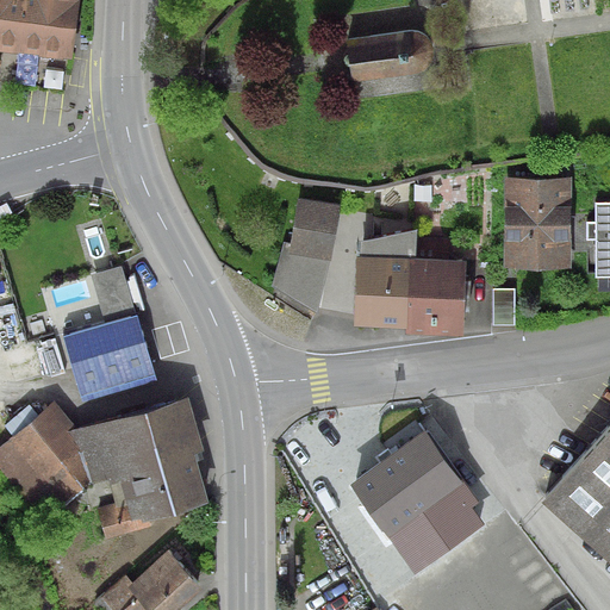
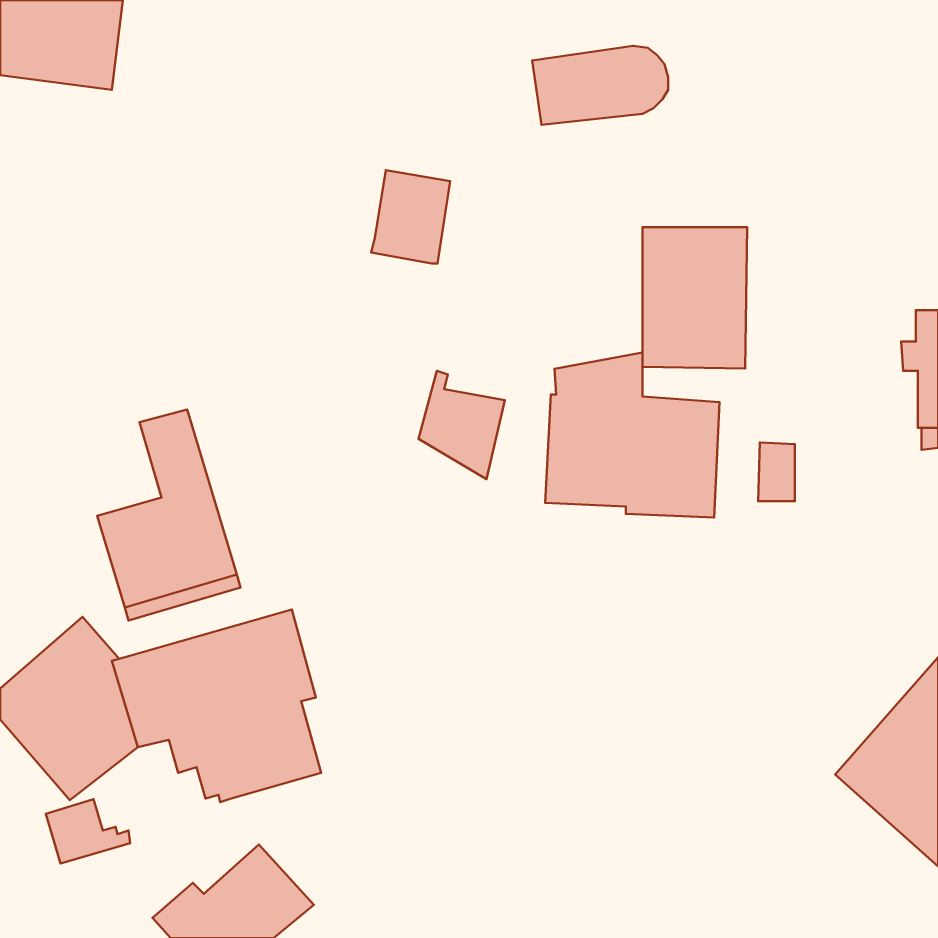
building: [504,176,572,268] -> [642,227,747,369]
building: [288,199,340,260] -> [371,170,450,264]
building: [348,428,484,574] -> none
building: [97,498,151,540] -> [46,799,130,863]

